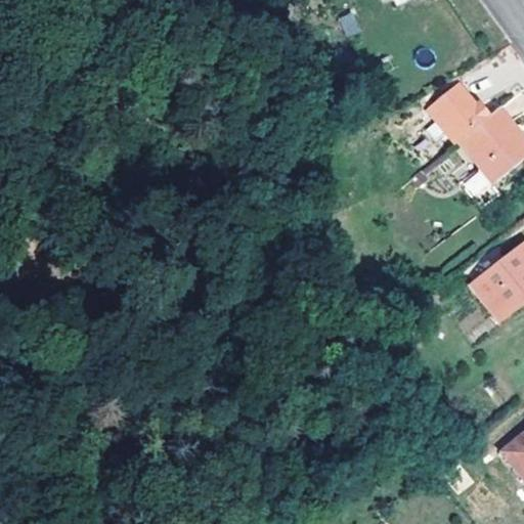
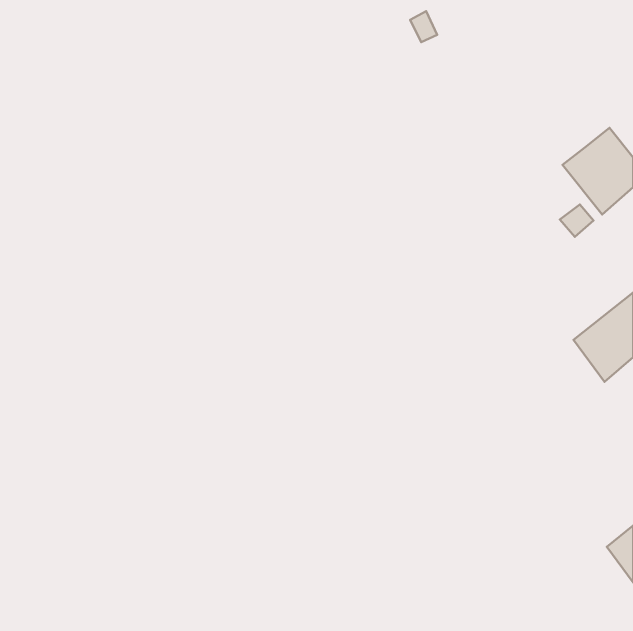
building: [423,92,483,147] -> none

